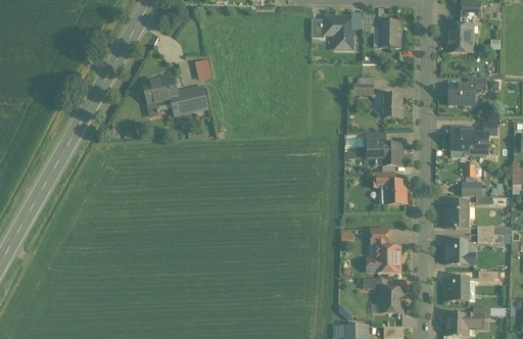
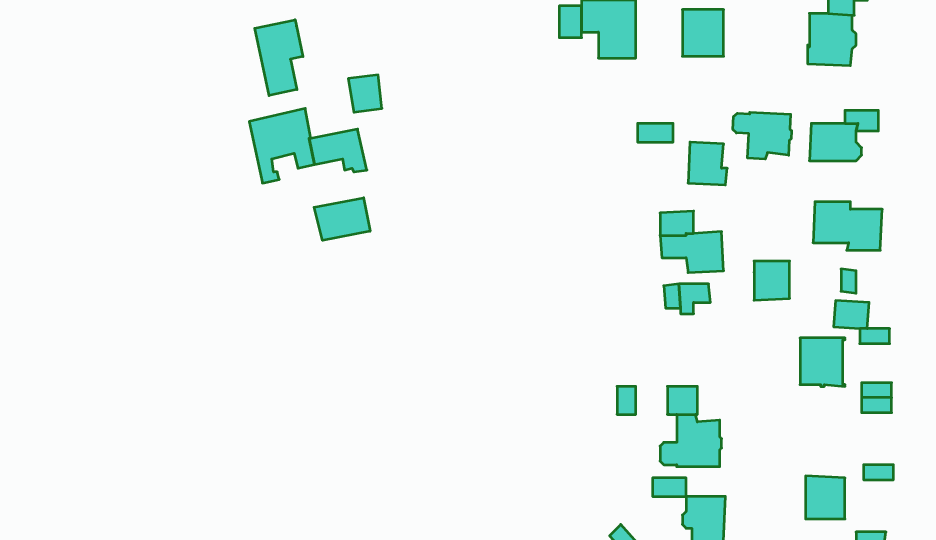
building: none -> [255,20,303,96]
building: none -> [733,112,792,159]
building: none -> [314,198,370,240]
building: [385,181,405,202] -> [754,261,790,300]
building: [444,239,475,263] -> none

